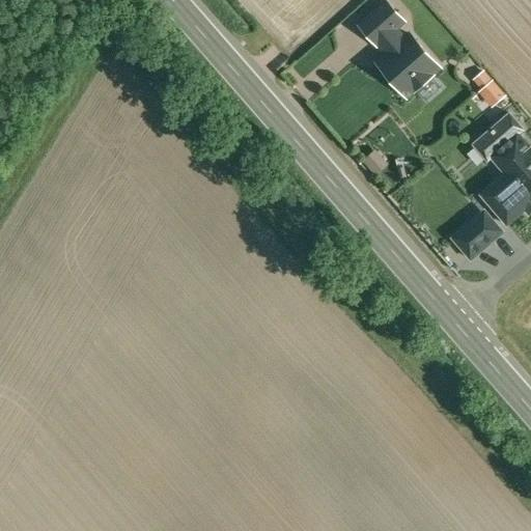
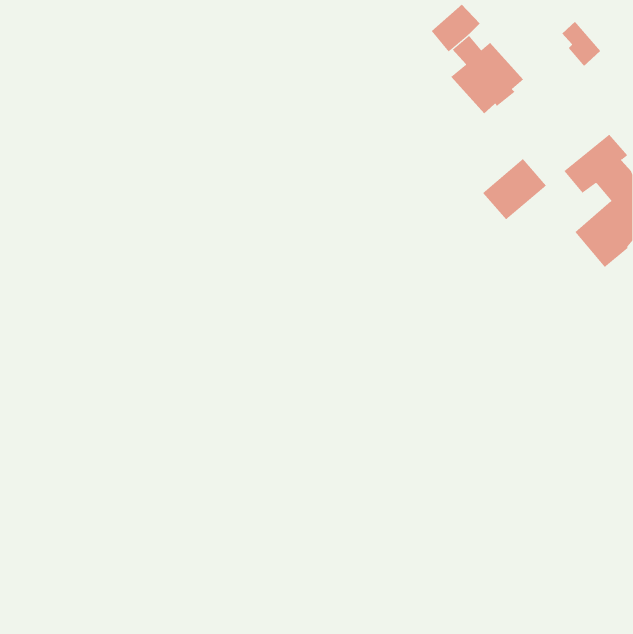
building: [472,69,505,108] -> [562,21,601,67]
building: [449,208,503,260] -> [482,158,547,220]

